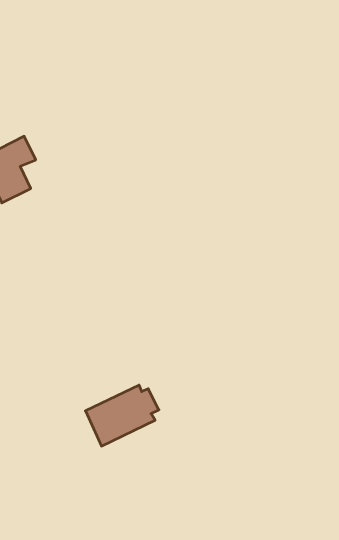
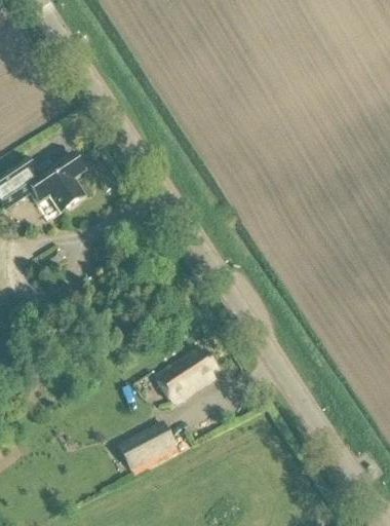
building: none -> [120,420,181,472]

